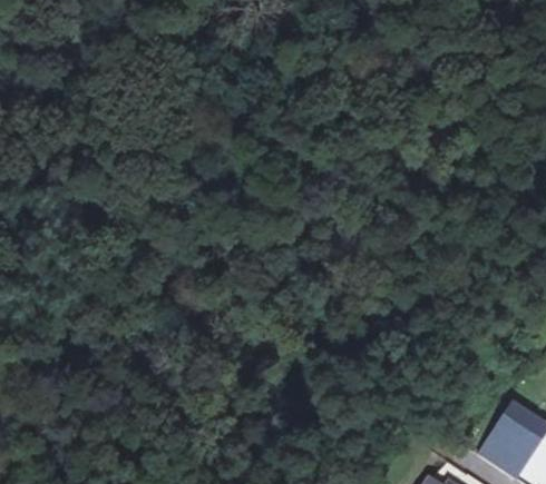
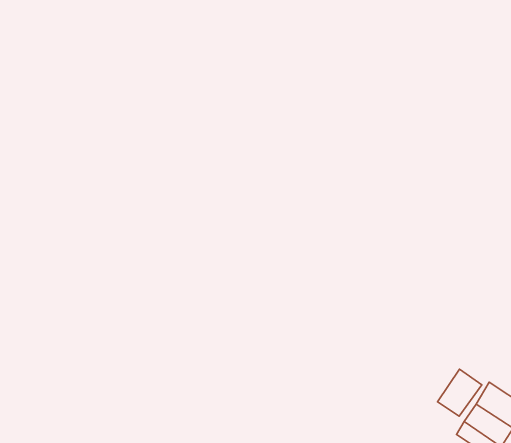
building: none -> [438,369,482,416]

